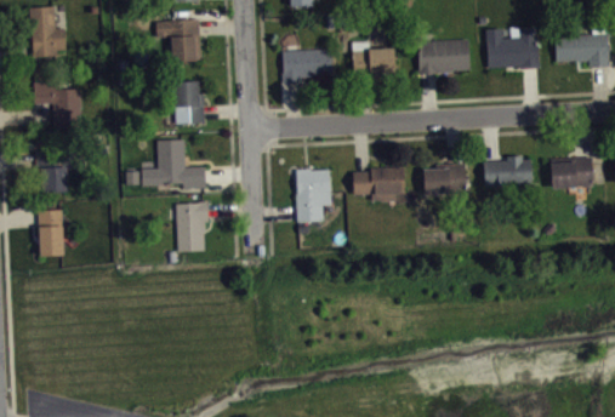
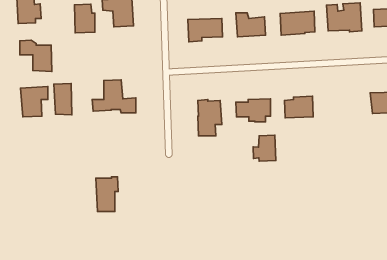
building: [173,81,204,124] -> [74,4,95,33]
building: [483,156,531,185] -> none
building: [176,201,209,252] -> [96,177,118,211]
building: [36,210,63,256] -> [54,83,72,115]
building: none -> [253,135,276,161]

